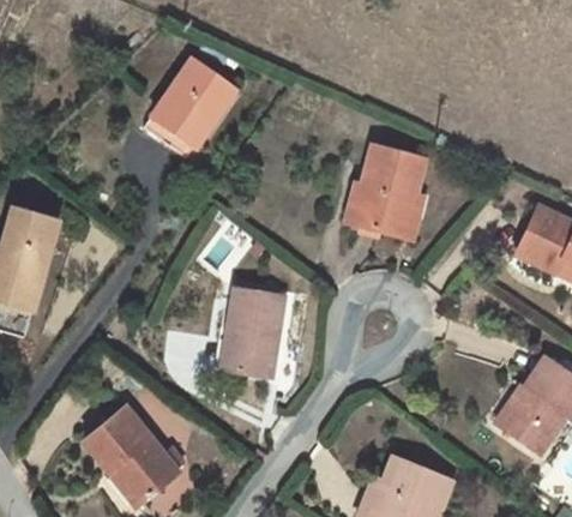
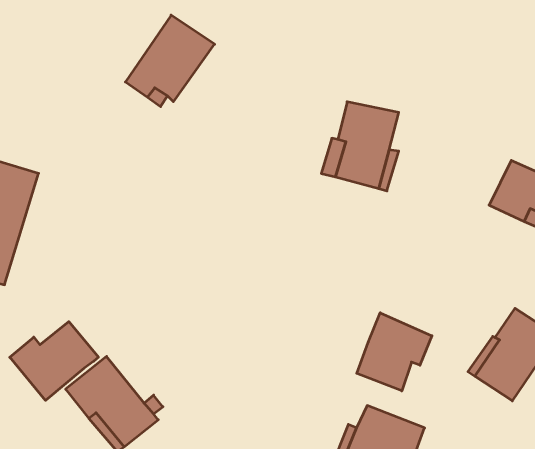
building: [222,288,285,375] -> none
building: none -> [357,313,432,391]
building: none -> [10,322,98,400]

